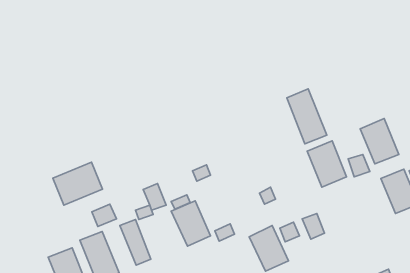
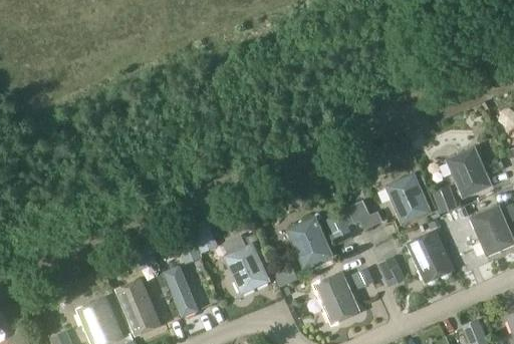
building: [287,89,327,144] -> none
building: [53,162,102,205] -> none
building: none -> [348,200,383,229]
building: none -> [288,216,333,269]
building: none -> [406,230,452,283]

